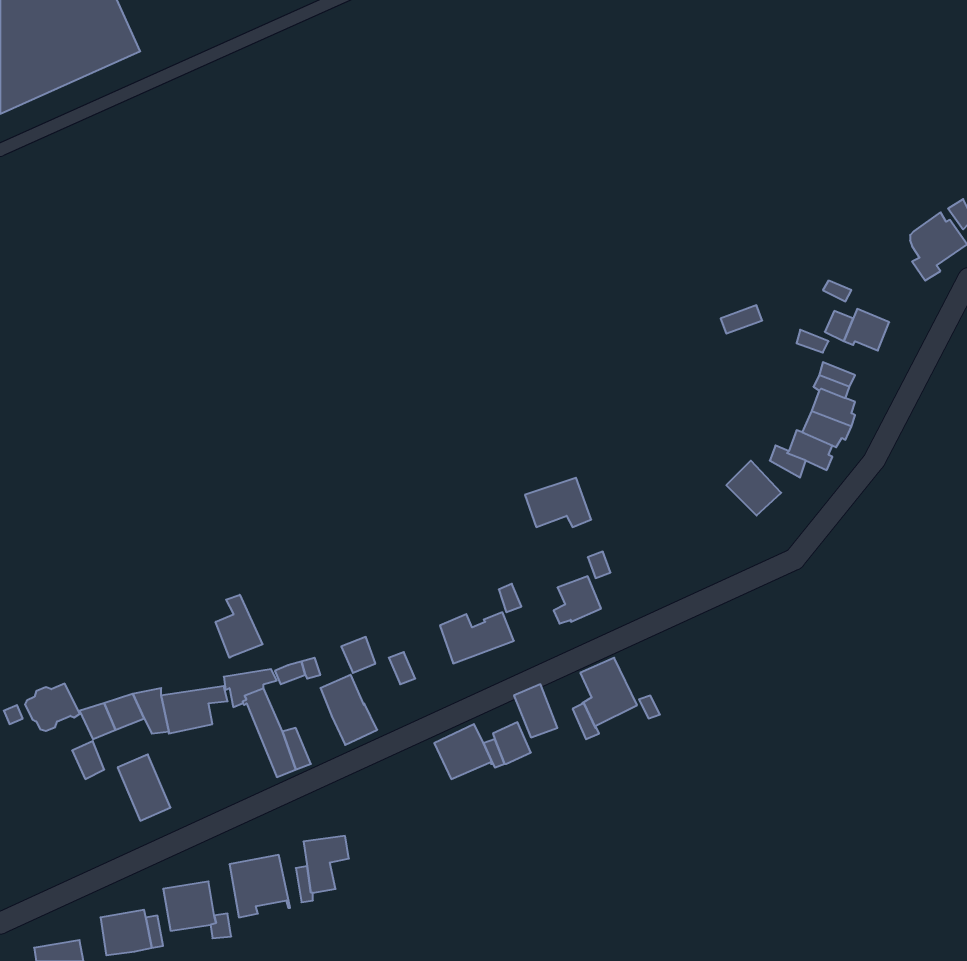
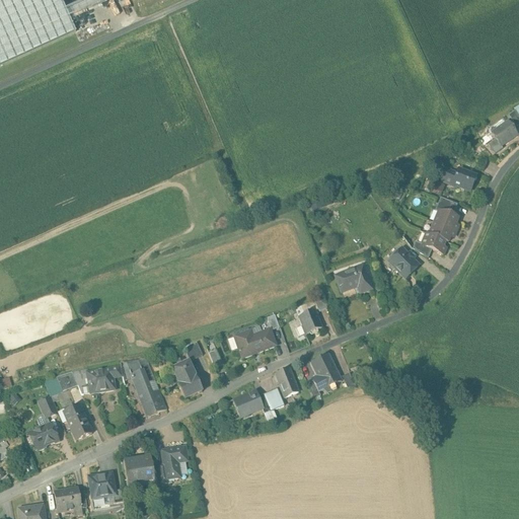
building: [525,478,591,527] -> [336,265,371,291]
building: [216,595,263,658] -> none
building: [25,684,80,731] -> [29,423,59,448]

